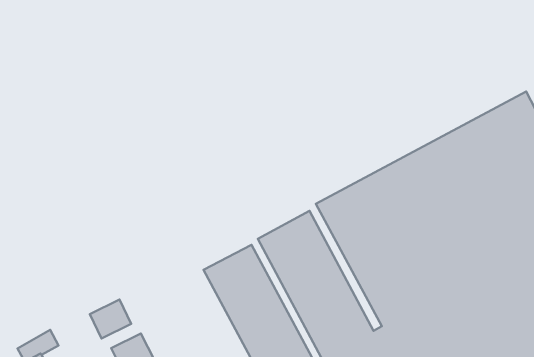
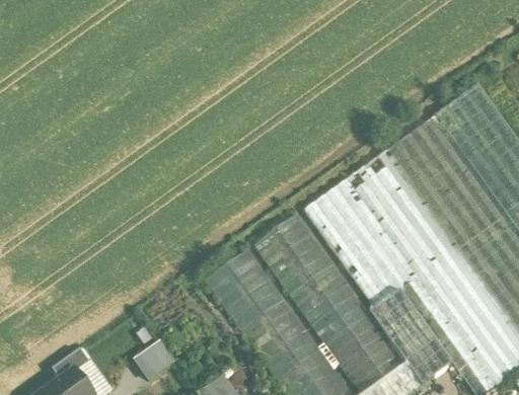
building: [90,300,131,338] -> none

